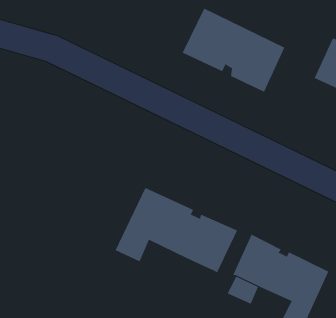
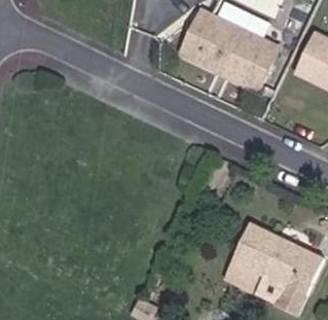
building: [115,187,238,273] -> none

